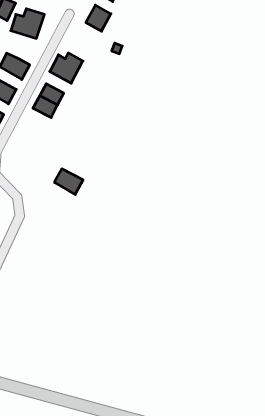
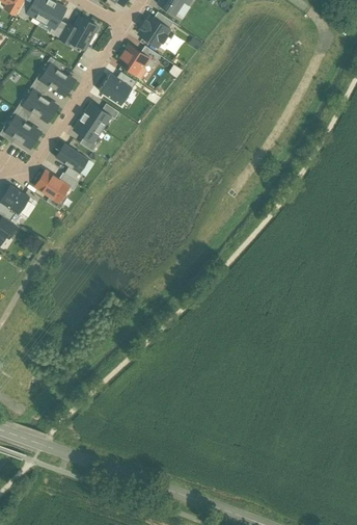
building: none -> [116,44,160,77]
building: none -> [55,142,89,172]
building: [55,169,83,195] -> [36,170,68,201]

